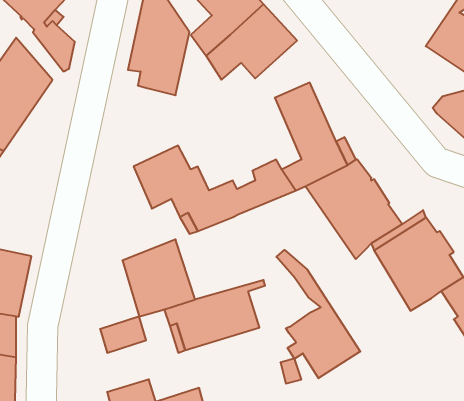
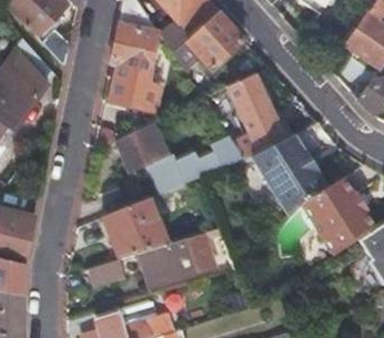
building: none -> [112,76,159,111]
building: [276,250,360,378] -> none

